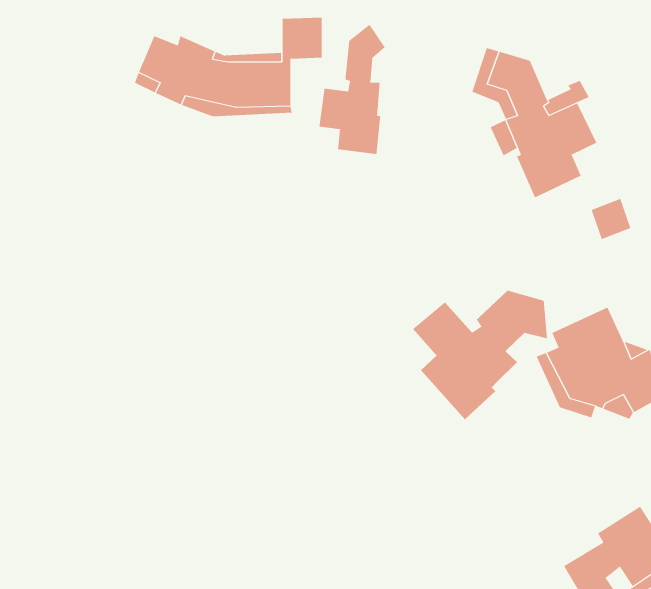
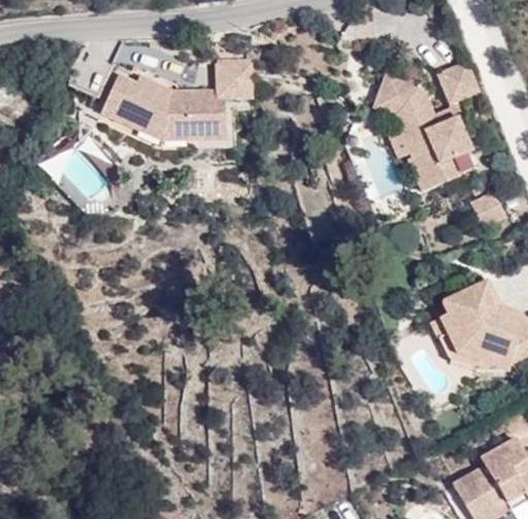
building: [319,24,386,155] -> none
building: none -> [437,65,481,107]
building: [412,290,548,420] -> none

